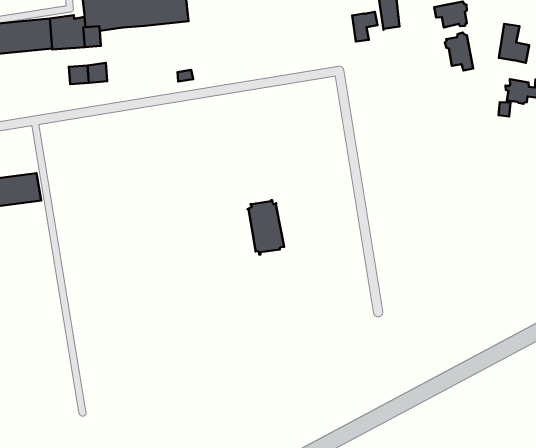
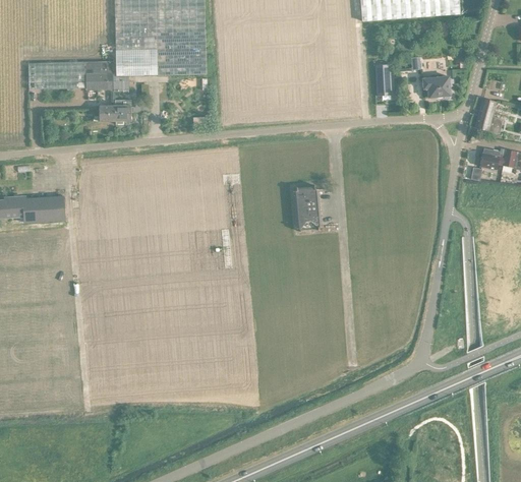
building: [352,12,377,42] -> none
building: [445,32,473,71] -> none
building: [247,200,284,255] -> [292,184,322,231]

